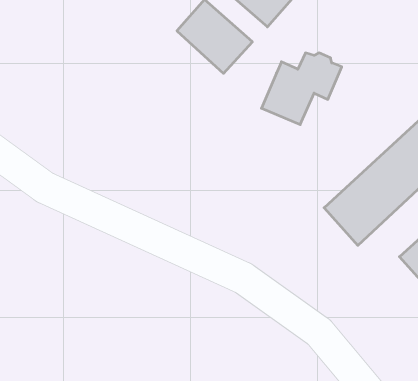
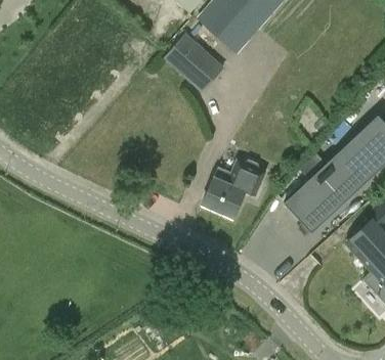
building: [261,53,342,125] -> [202,160,267,218]

